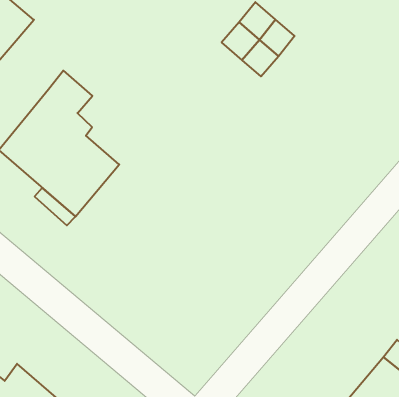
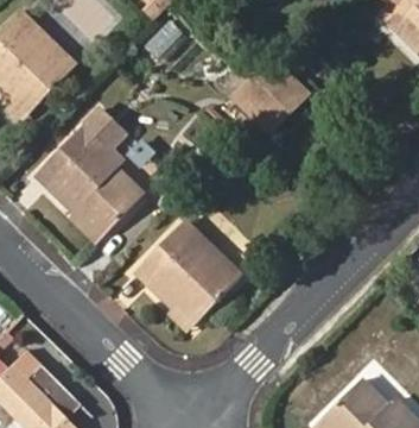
building: none -> [137,220,241,325]

